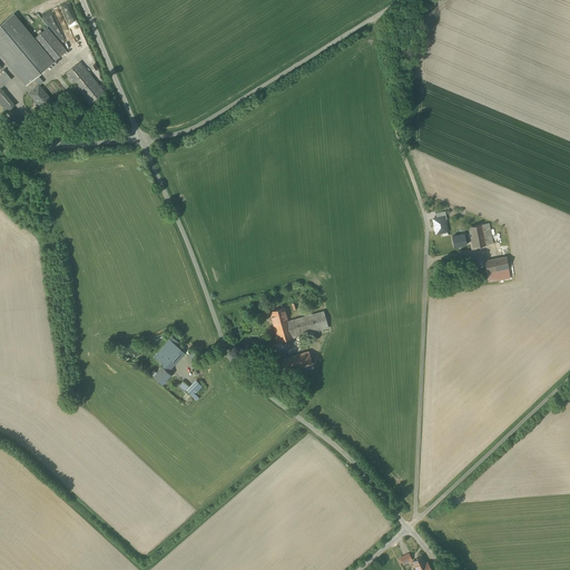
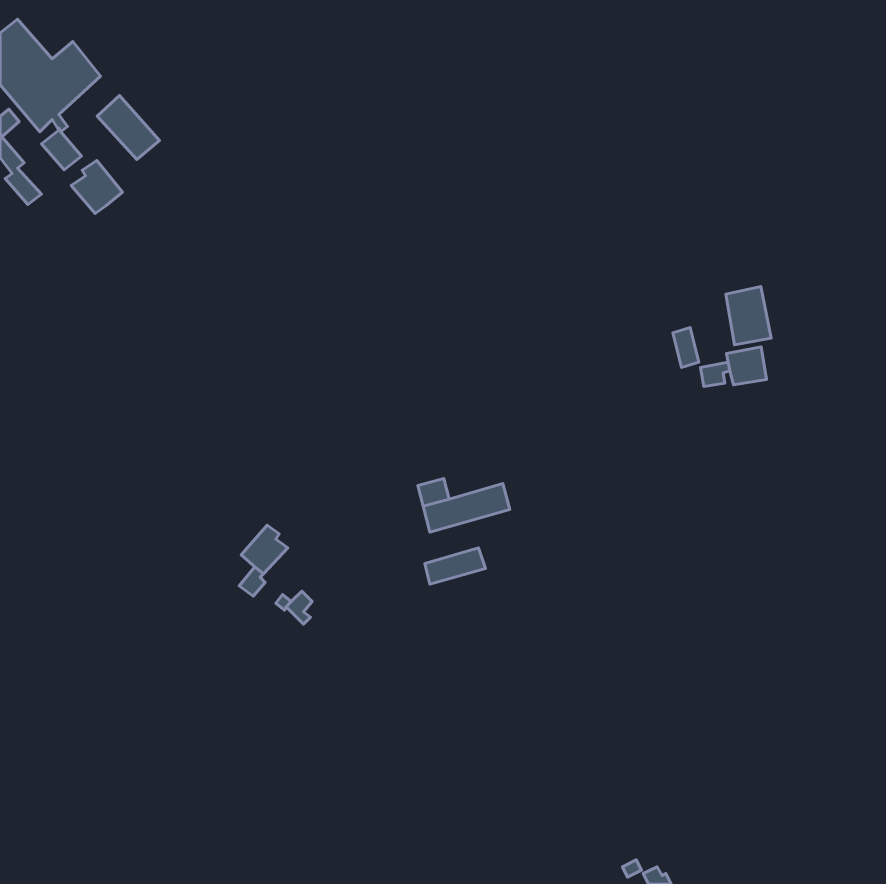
building: none -> [71,160,122,213]
building: none -> [726,287,771,345]
building: [484,256,510,283] -> none

